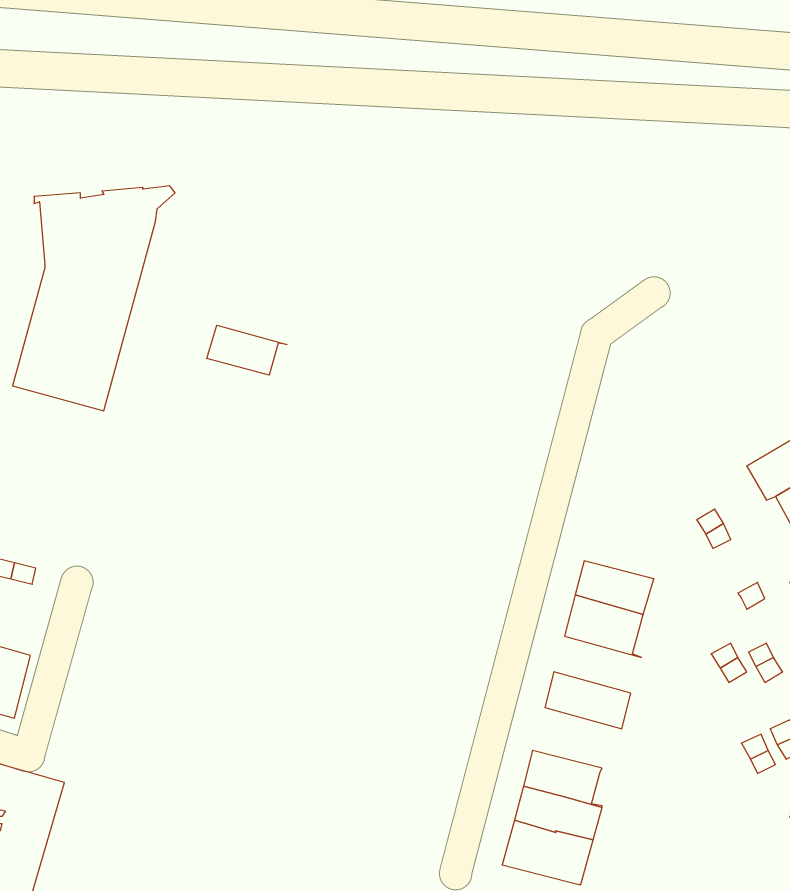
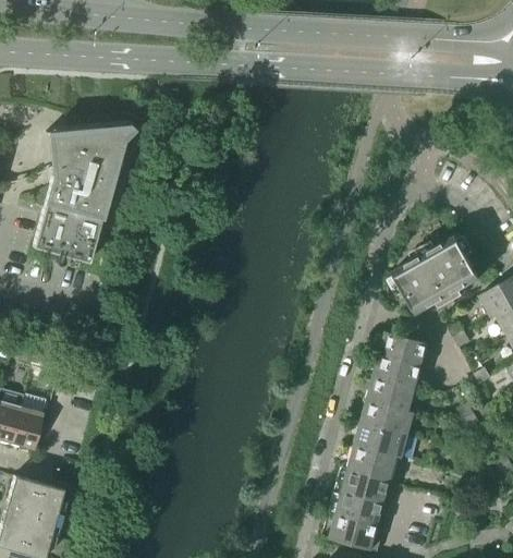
building: [207,325,287,375] -> none
building: none -> [393,235,480,314]
building: none -> [380,331,428,365]
building: none -> [362,400,415,435]
building: none -> [349,444,403,481]

